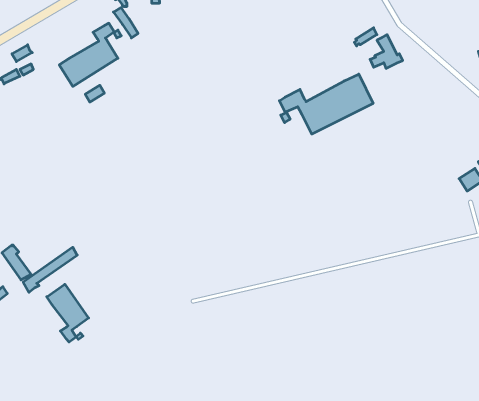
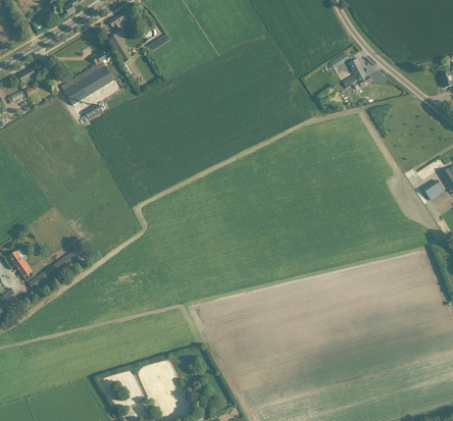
building: [279,74,373,134] -> none
building: [47,284,89,342] -> none

